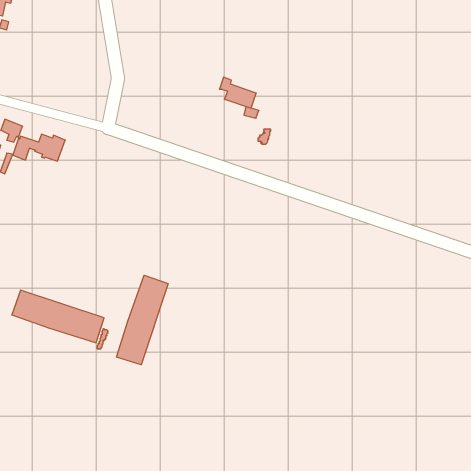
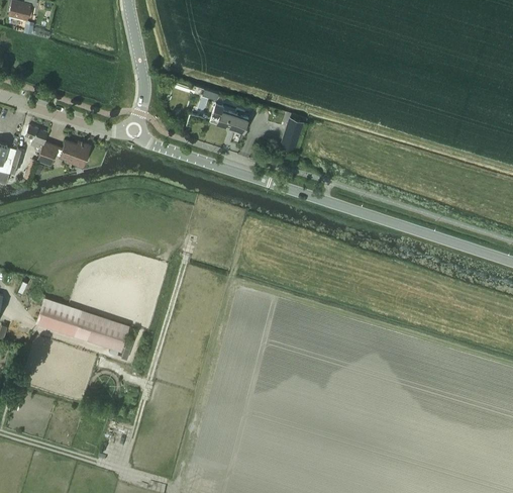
building: [219,77,256,108] -> [211,102,248,133]
building: [117,275,168,365] -> none

